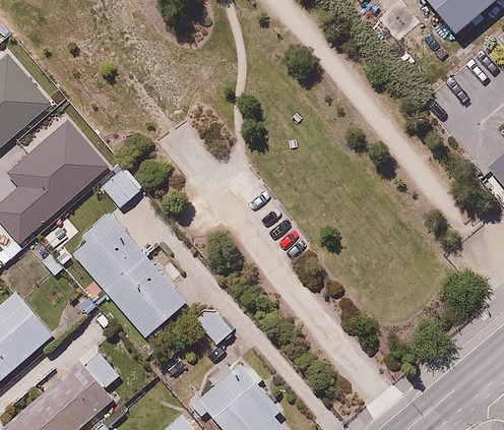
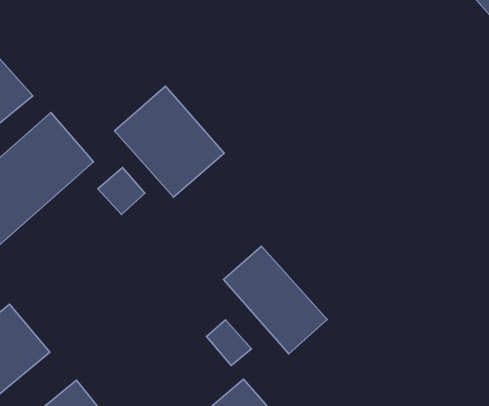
building: none -> [114,86,224,197]
building: [72,214,191,340] -> none
building: none -> [223,246,327,354]

